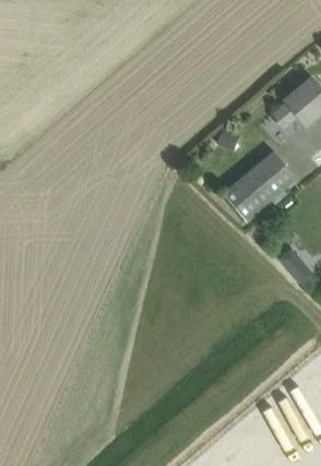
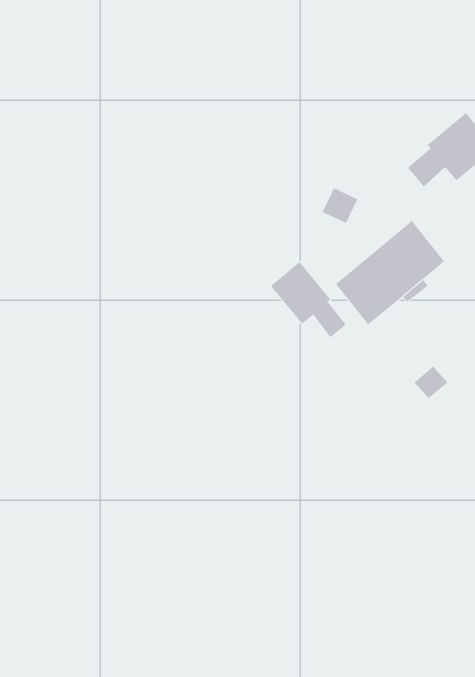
building: none -> [270,261,347,338]

